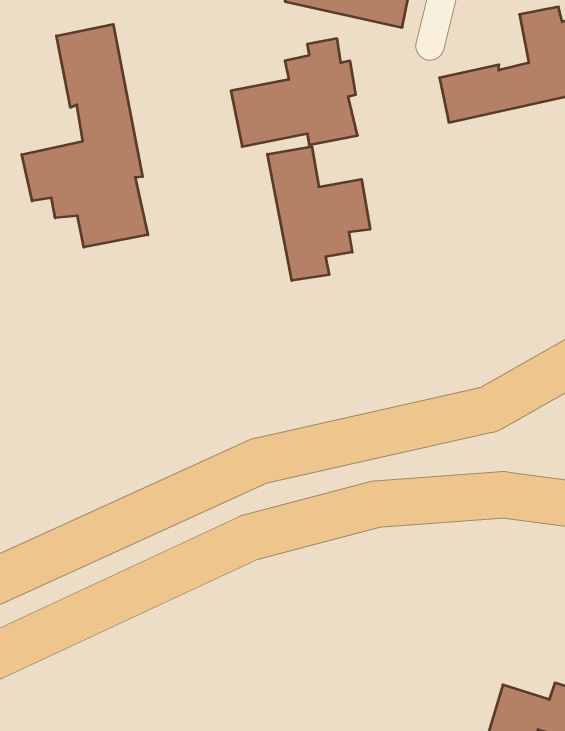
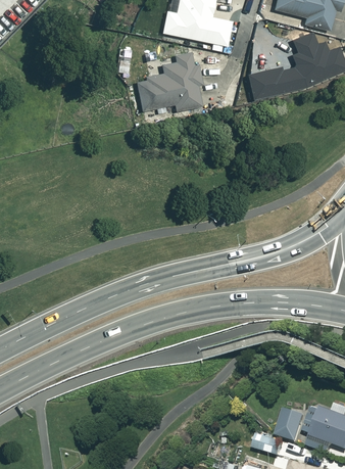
building: [22,24,148,247] -> none
building: [267,147,370,281] -> none

